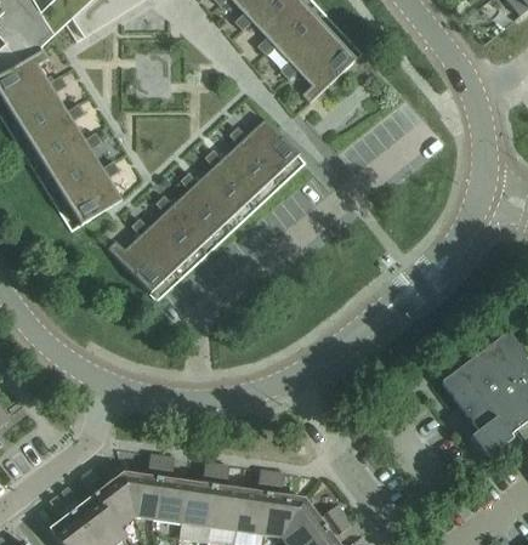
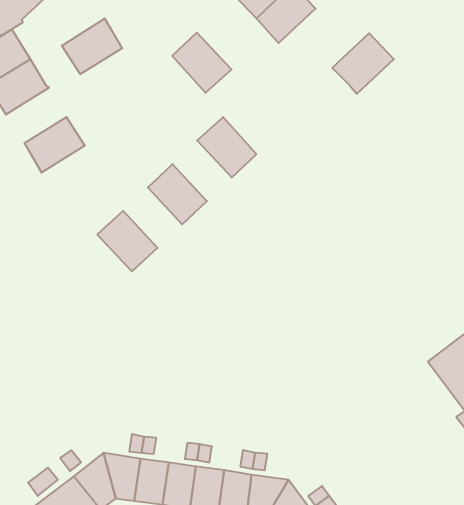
building: [295,35,356,95] -> [332,33,394,94]
building: [27,113,86,168] -> [62,19,122,74]
building: [240,119,299,178] -> [172,33,232,93]
building: [191,165,249,225] -> none
building: [62,170,123,226] -> none
building: [142,211,200,271] -> none

